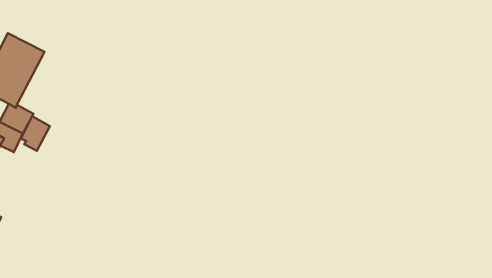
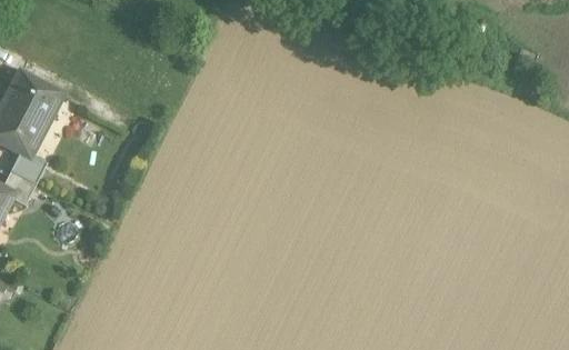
building: [21,116,50,151] -> none

